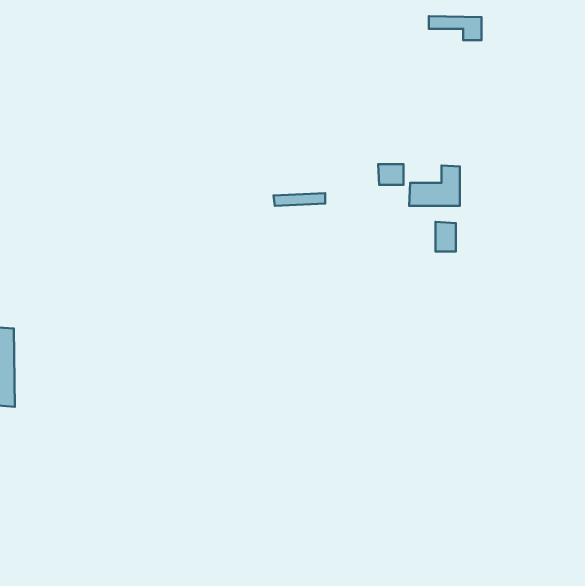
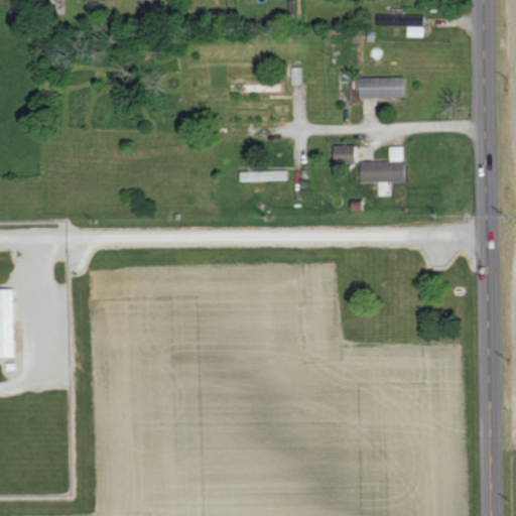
building: none -> [350,77,403,99]
building: [436,222,456,251] -> none

